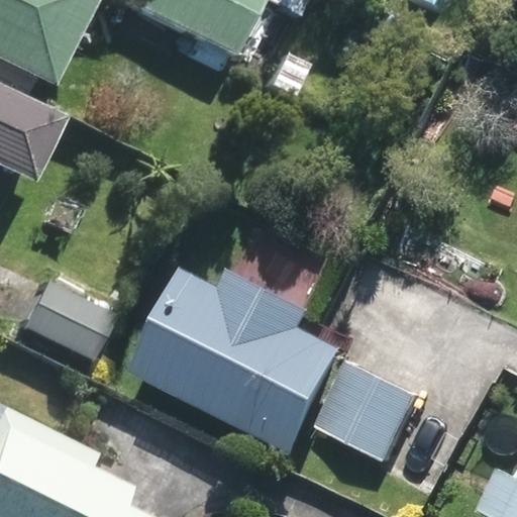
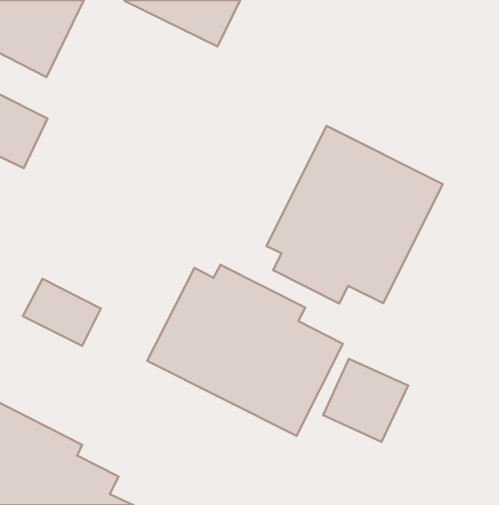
building: none -> [266,126,443,304]

